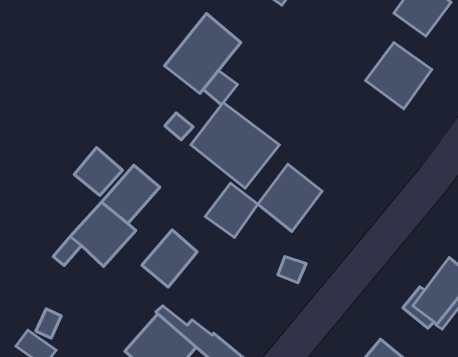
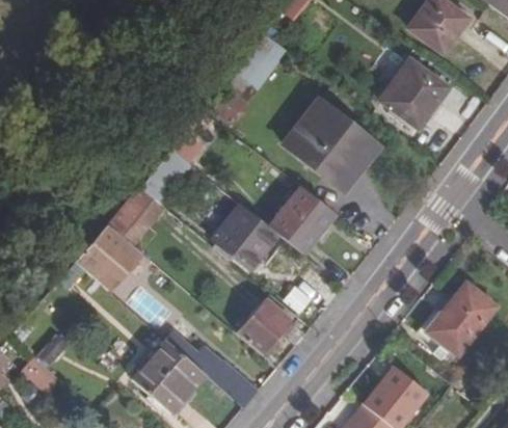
building: [164,13,241,93] -> none
building: [191,103,279,188] -> [285,101,376,189]
building: [74,148,123,195] -> none
building: [142,230,197,287] -> [235,296,292,355]

